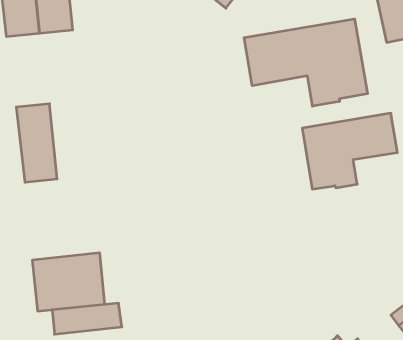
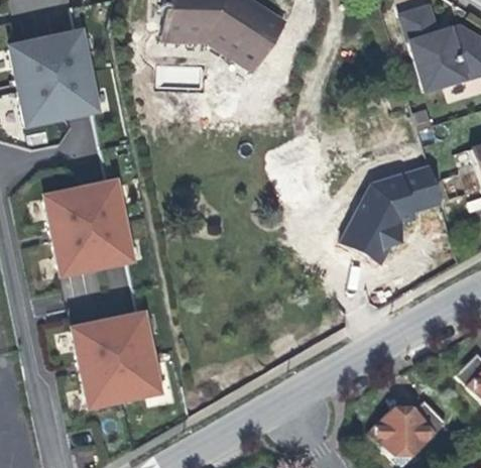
building: [244,19,368,106] -> none
building: none -> [81,183,131,267]
building: [52,303,122,334] -> [75,316,149,355]

